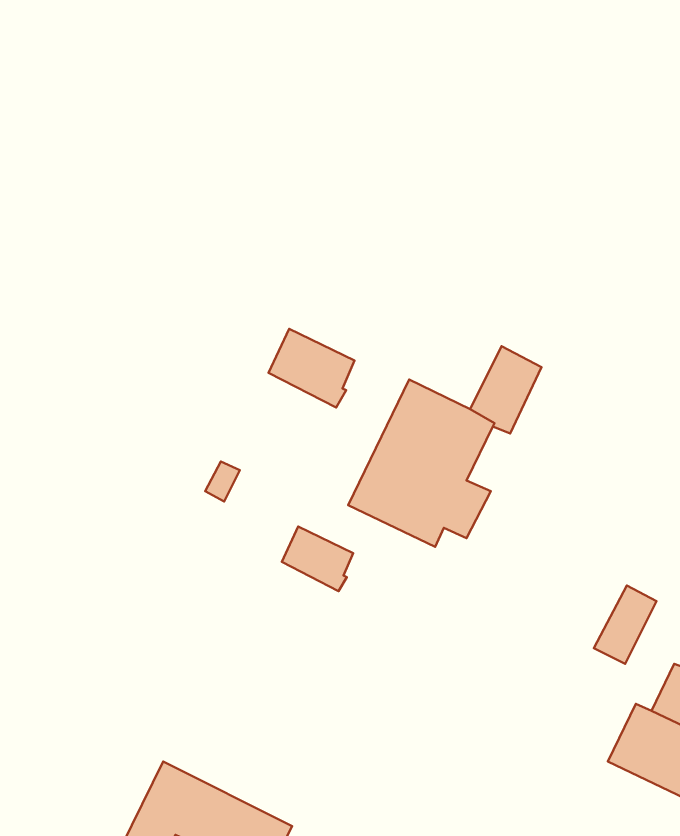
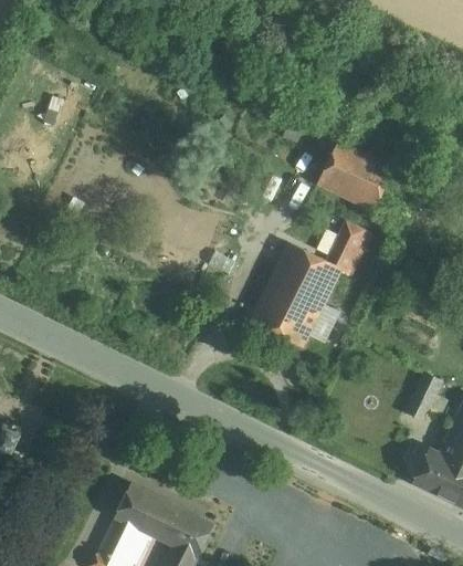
building: none -> [317,139,396,212]
building: [269,329,354,408] -> none
building: [282,526,353,591] -> none

